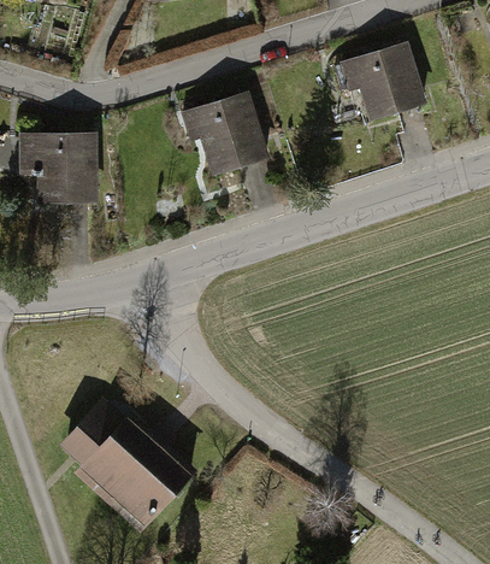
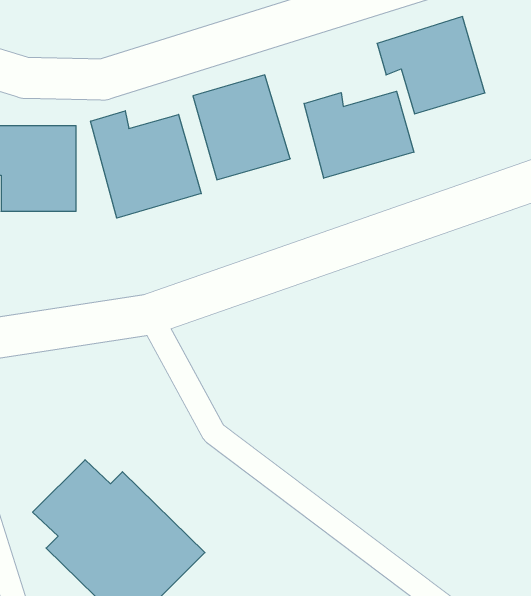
building: none -> [304,91,414,178]
building: none -> [91,111,201,218]

